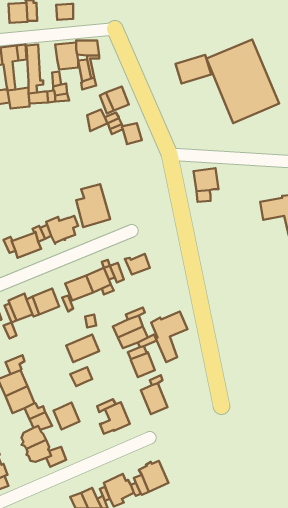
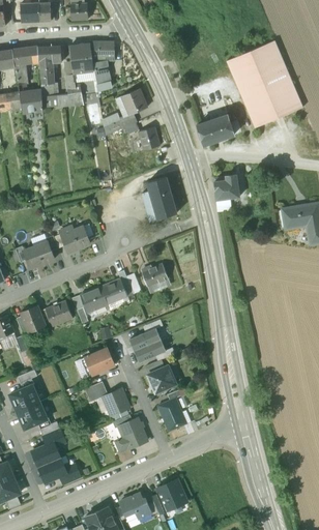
building: [175,55,211,84] -> [197,116,234,146]
building: [76,184,110,227] -> [142,177,177,222]
building: [151,312,188,362] -> none
building: [54,403,79,429] -> [103,388,129,416]

